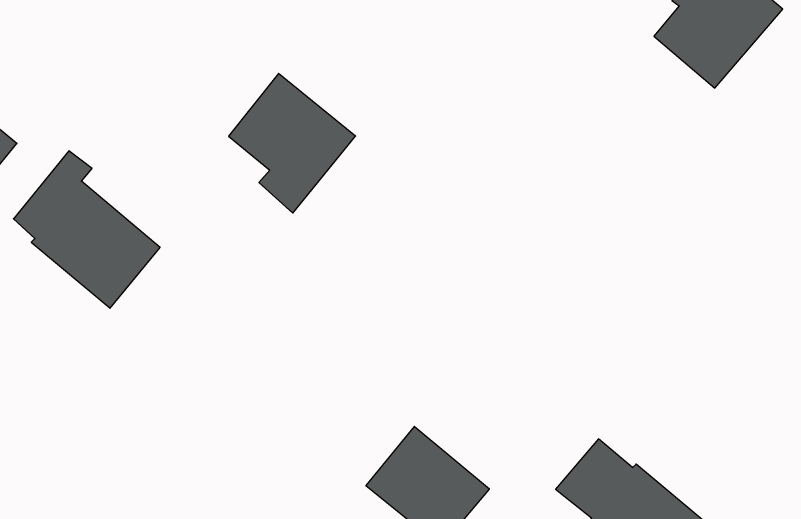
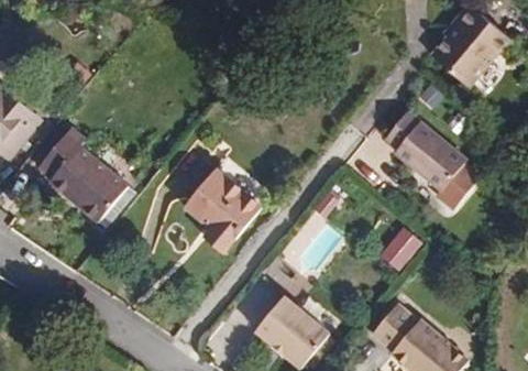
building: [229,73,356,213] -> [184,168,262,254]
building: none -> [385,109,466,192]
building: none -> [380,227,422,271]

